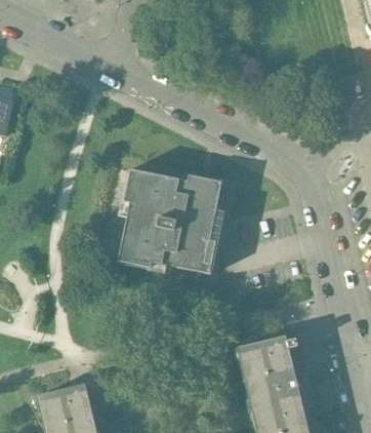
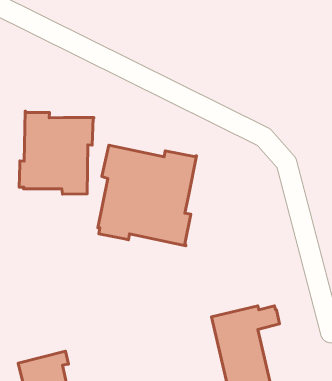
building: none -> [19,111,94,194]

